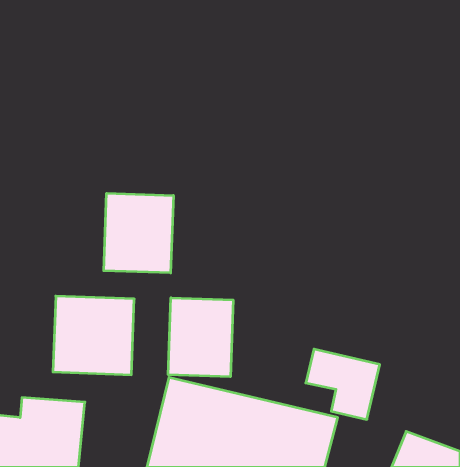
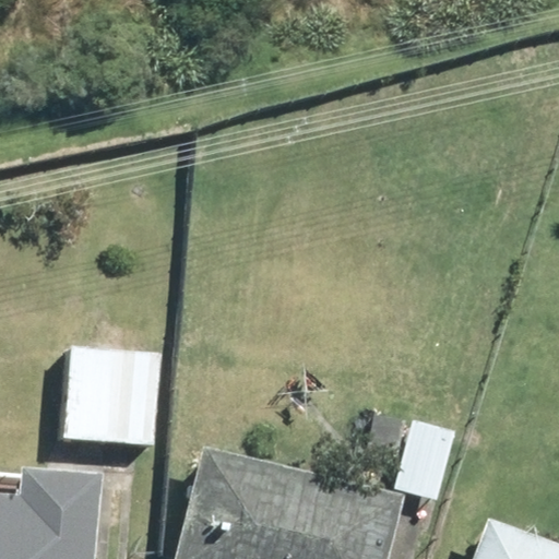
building: [104,193,173,273] -> none
building: [168,298,233,377] -> none

